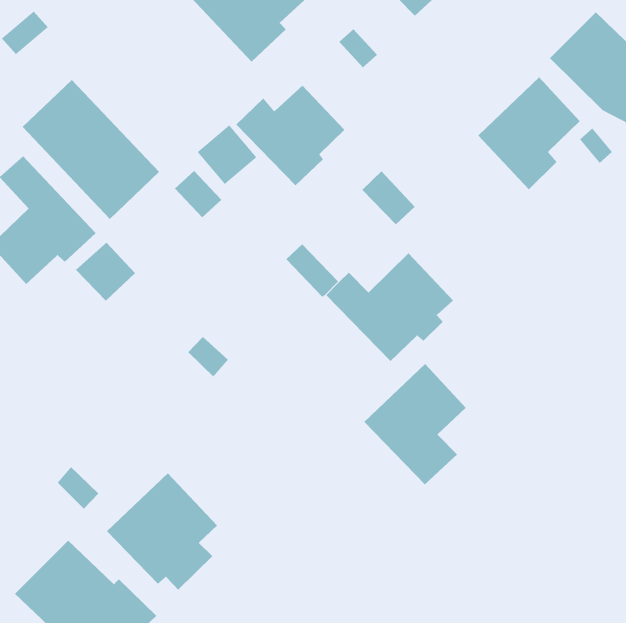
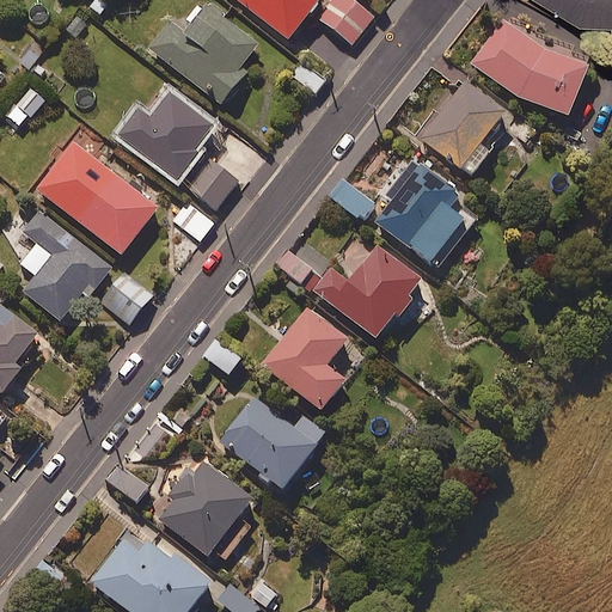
building: [235,85,345,186] -> [118,93,212,179]
building: none -> [375,158,471,268]
building: [364,363,466,485] -> [262,306,347,409]
building: none -> [219,394,325,488]

